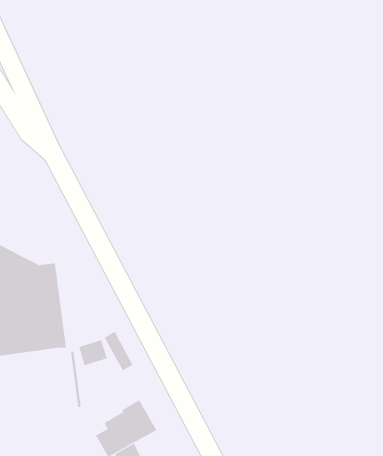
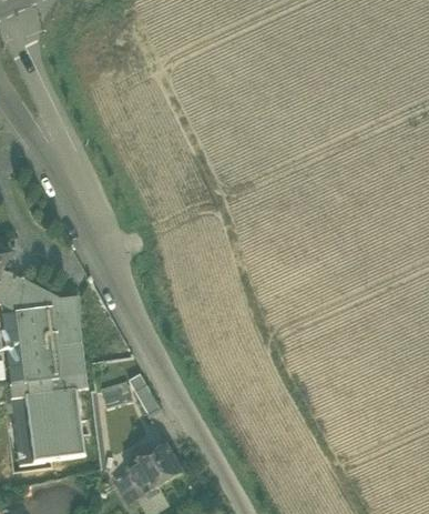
building: none -> [20,385,83,458]

